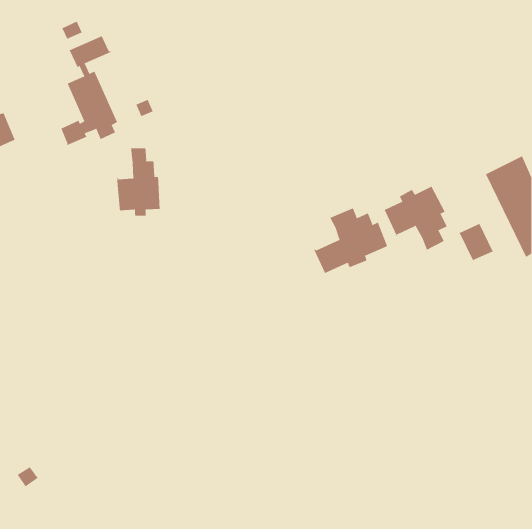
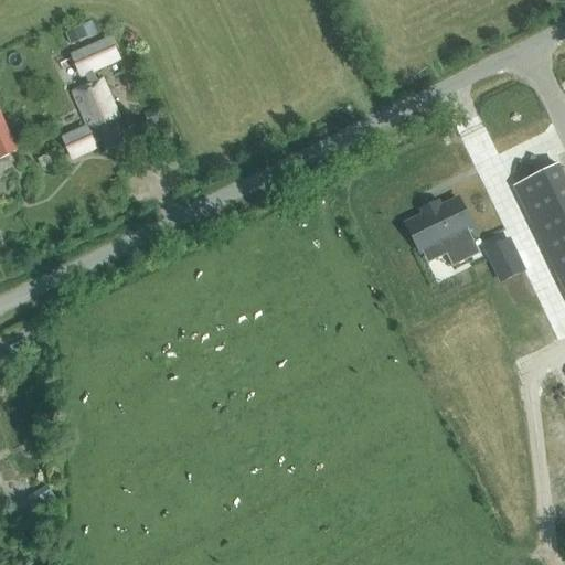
building: [117,147,160,218] -> none
building: [313,208,388,274] -> none

